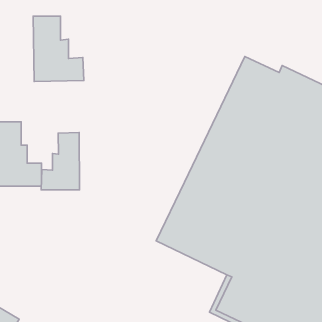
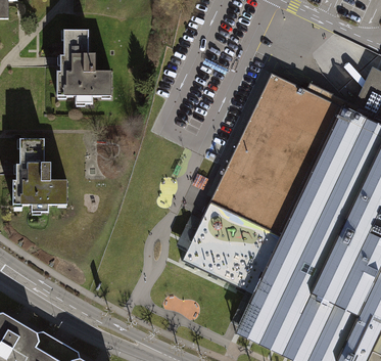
building: [41,133,80,190] -> none

